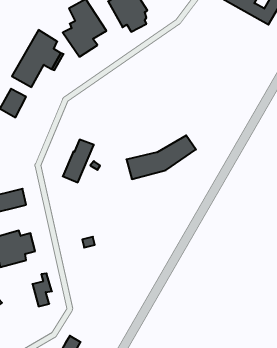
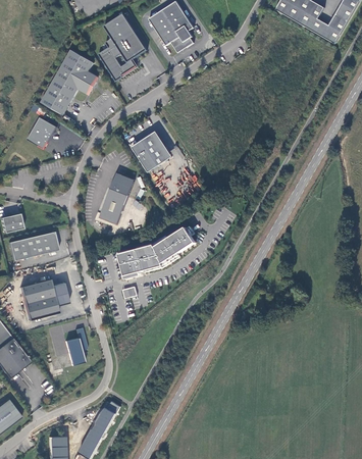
building: none -> [135,132,174,172]
building: [126,135,196,179] -> [115,226,195,276]

